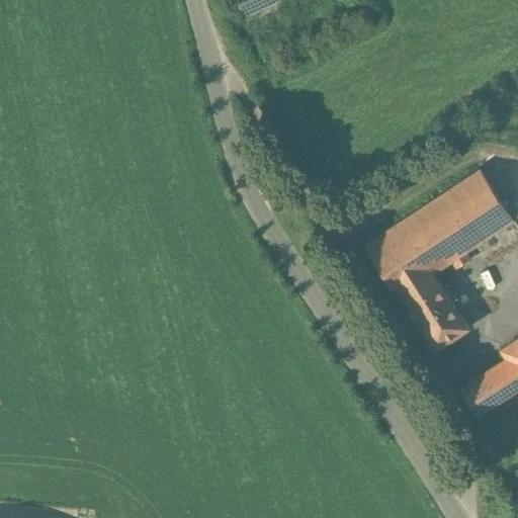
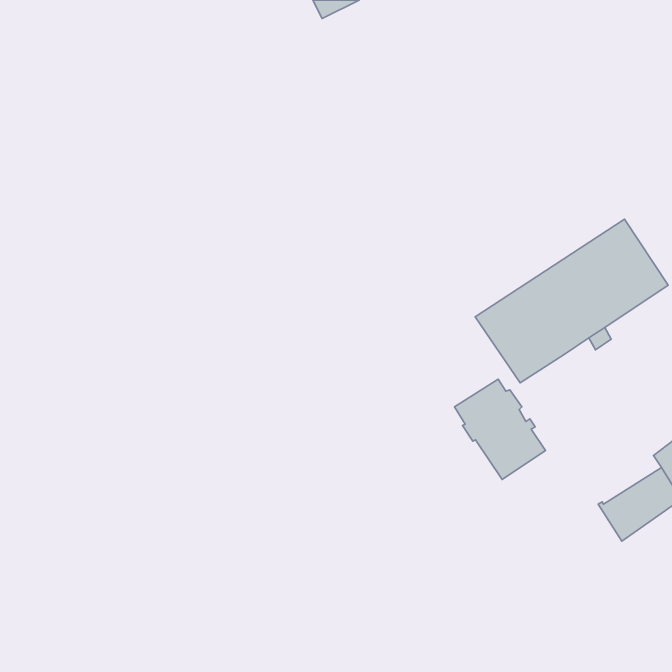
building: [402,273,471,350] -> [454,379,546,479]

